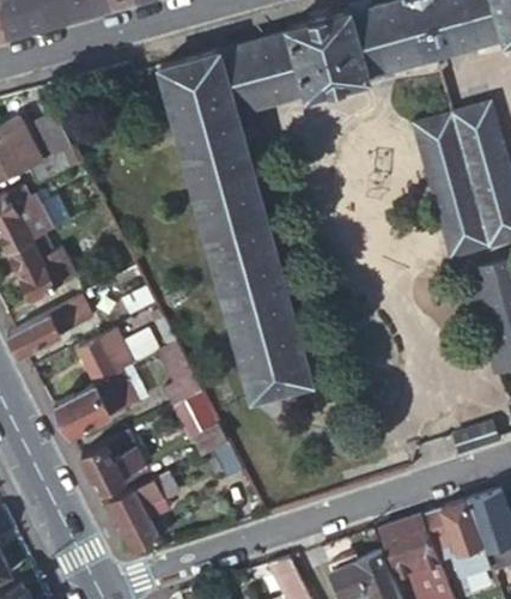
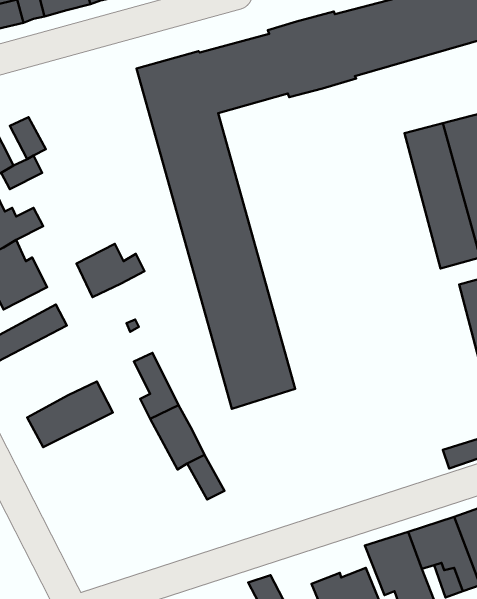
building: [78,332,144,383] -> [76,244,145,297]
building: [80,431,144,494] -> none
building: [108,472,177,552] -> none

